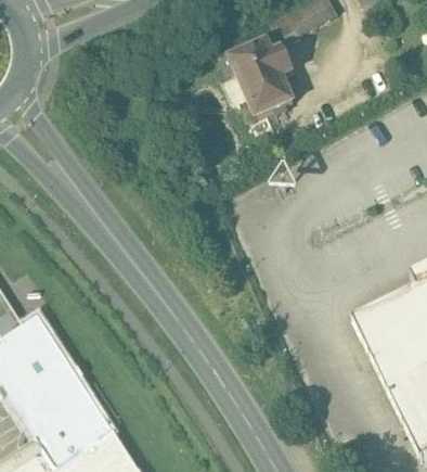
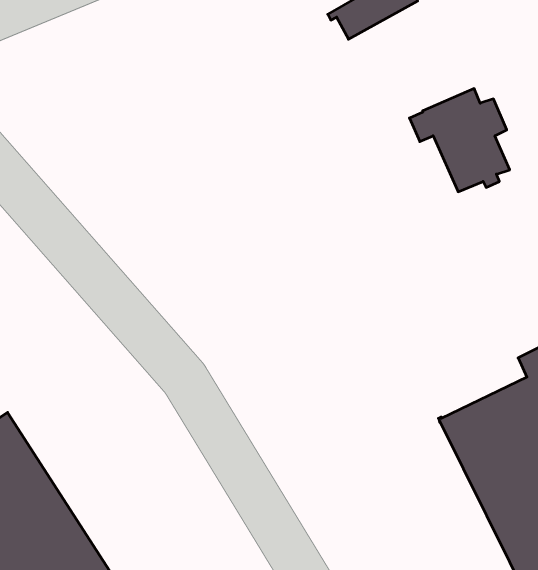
building: [220,40,294,116] -> [409,89,510,192]

